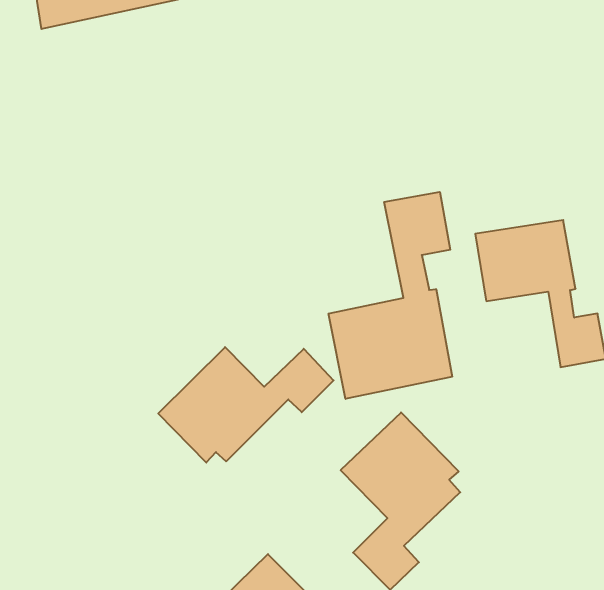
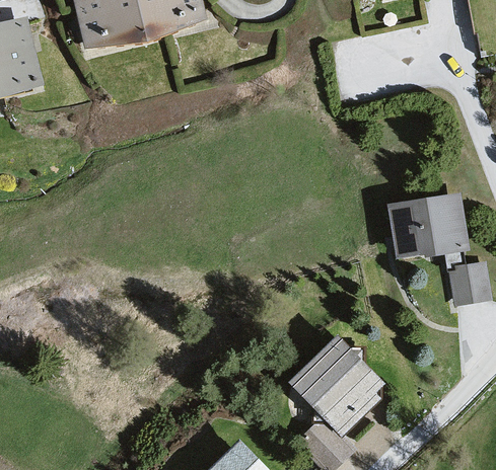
building: [329,192,452,399] -> none
building: [158,347,334,463] -> none

